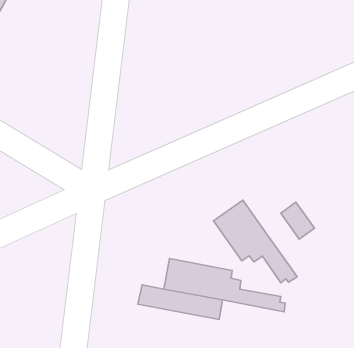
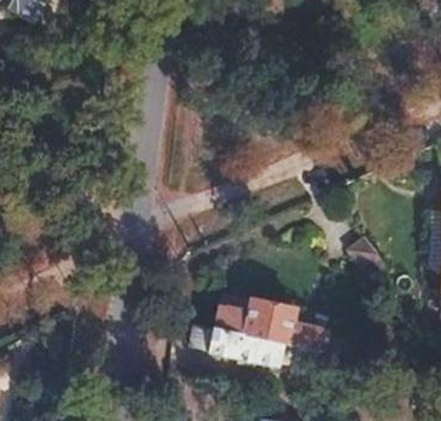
building: [213,200,297,283] -> none

